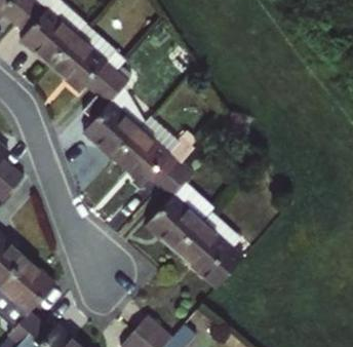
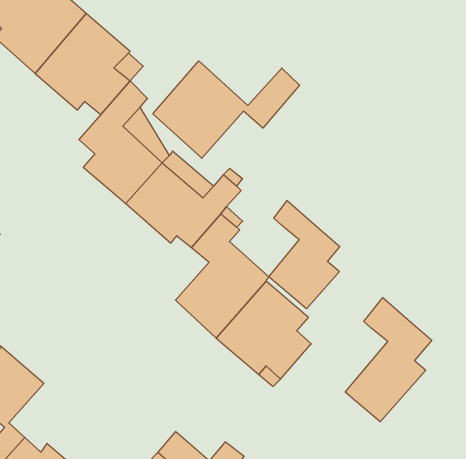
building: none -> [153,61,300,158]
building: none -> [269,201,340,309]
building: none -> [345,298,432,422]

